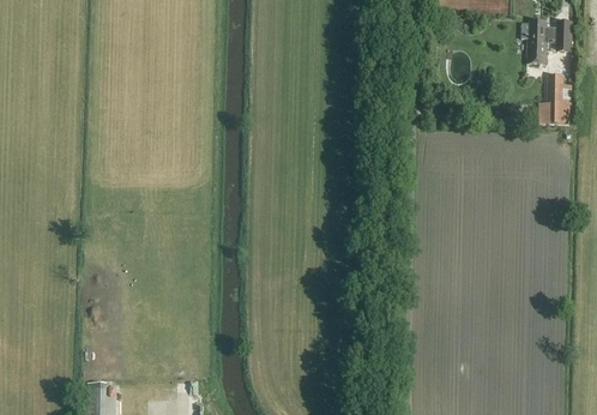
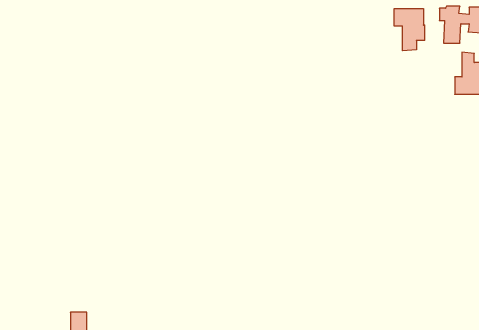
building: none -> [394,9,425,51]

